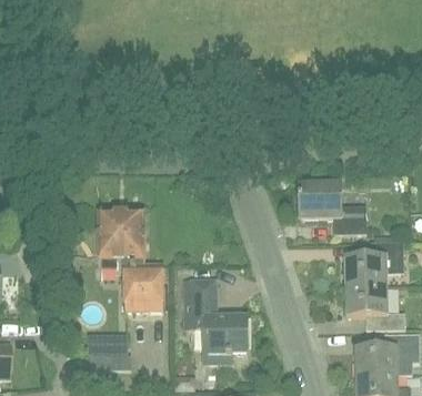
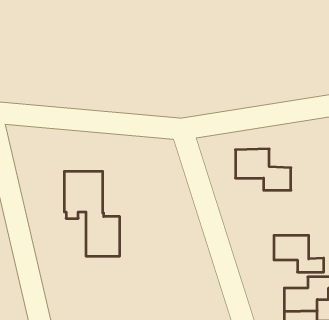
building: [345,240,403,284] -> none
building: [184,278,245,361] -> none

